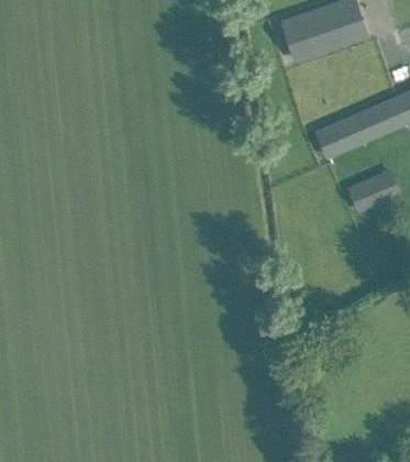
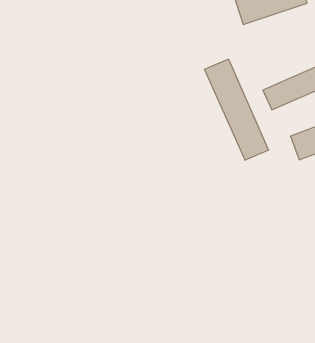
building: none -> [205,59,268,160]

